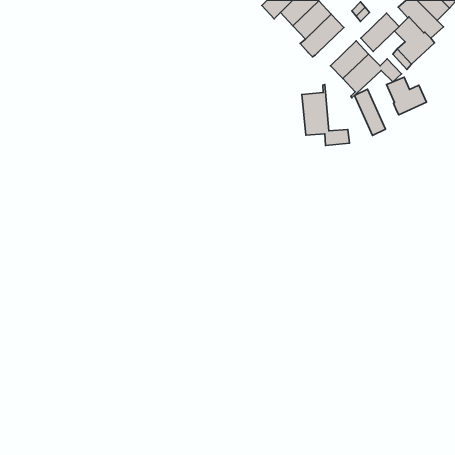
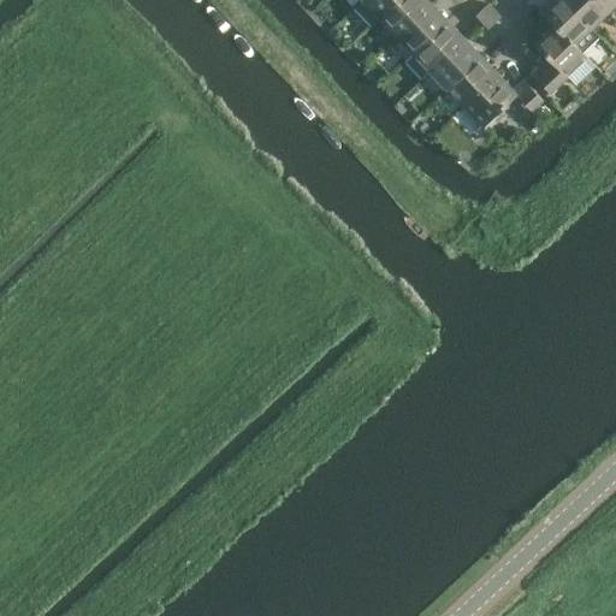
building: [361,13,399,51] -> [430,37,481,89]
building: [386,77,426,115] -> none
building: [302,84,349,146] -> none
building: [354,89,386,136] -> none

